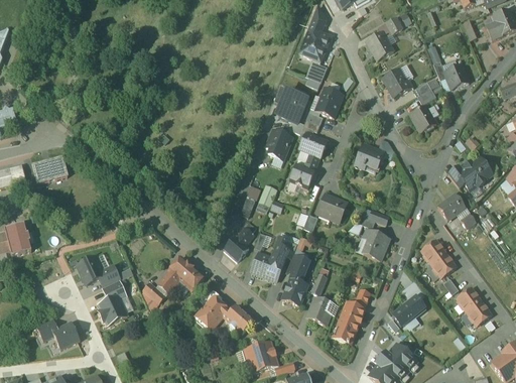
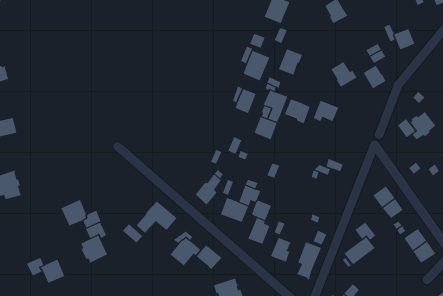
building: [383,68,413,97] -> [330,61,358,88]
building: [32,155,70,184] -> none
building: [437,193,466,219] -> none
building: [317,194,347,222] -> [284,99,311,124]
building: [364,229,389,260] -> none

